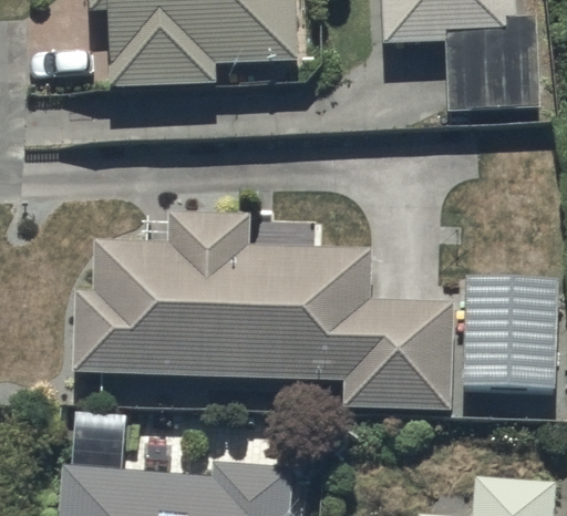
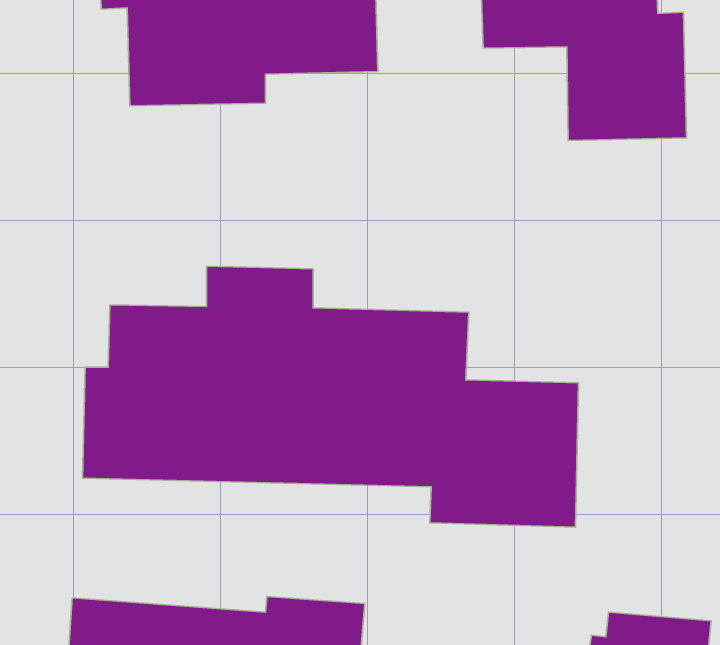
building: [464,274,556,391] -> none

